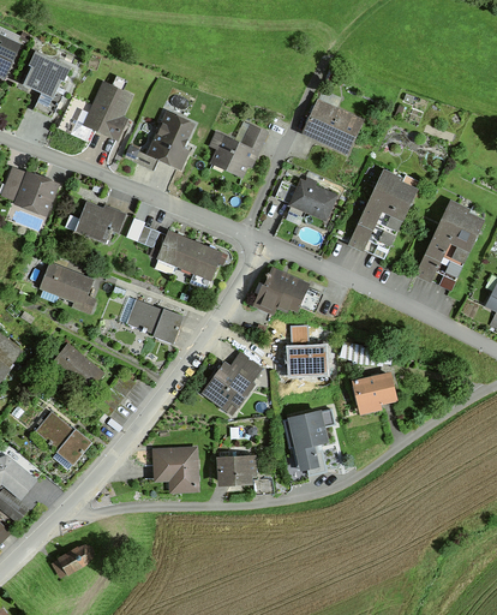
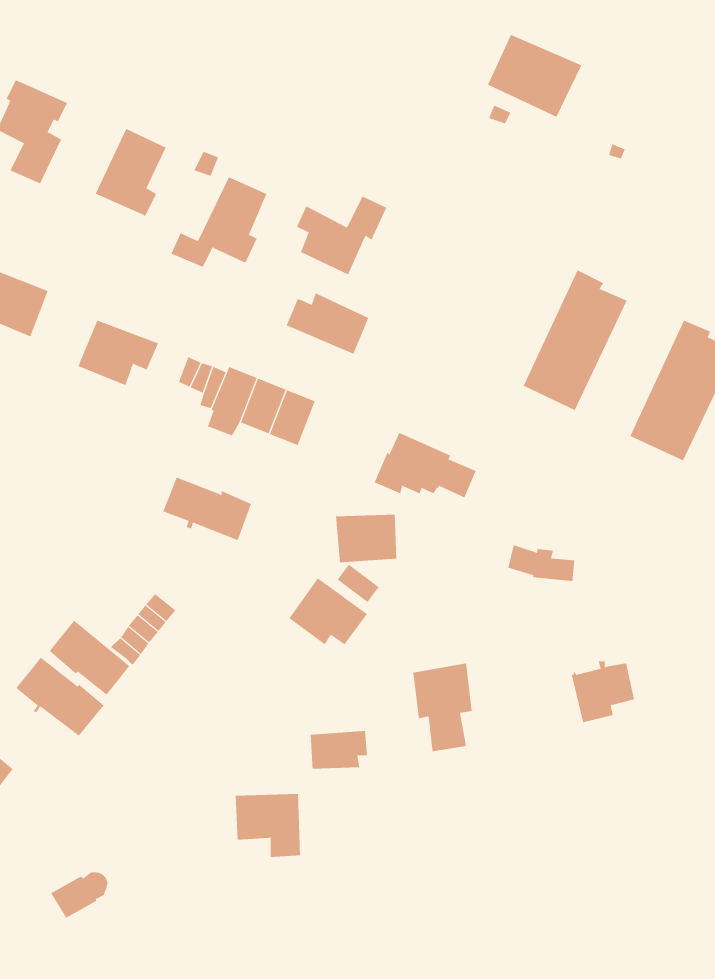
building: [304,101,363,153] -> [487,34,582,118]
building: [283,180,335,219] -> [286,293,369,355]
building: [41,263,95,311] -> none
building: [52,344,102,390] -> [49,620,130,695]
building: [289,345,328,375] -> [335,514,397,563]
building: [354,374,394,412] -> [571,661,635,723]
building: [155,449,196,489] -> [235,794,301,858]

